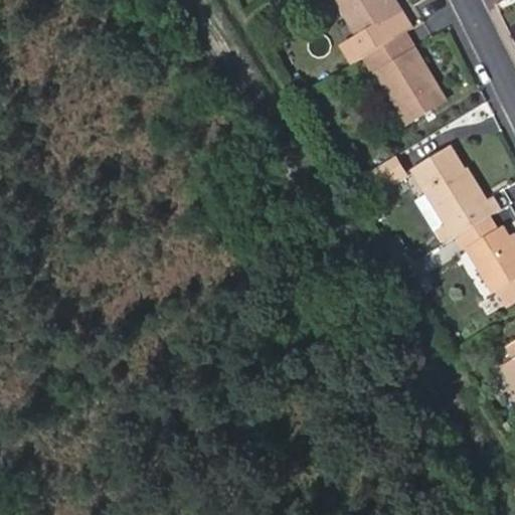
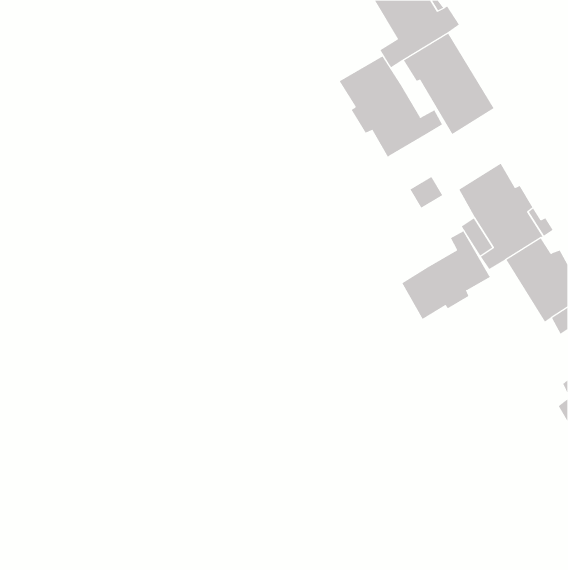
building: none -> [339,56,443,158]
building: none -> [402,231,491,320]

